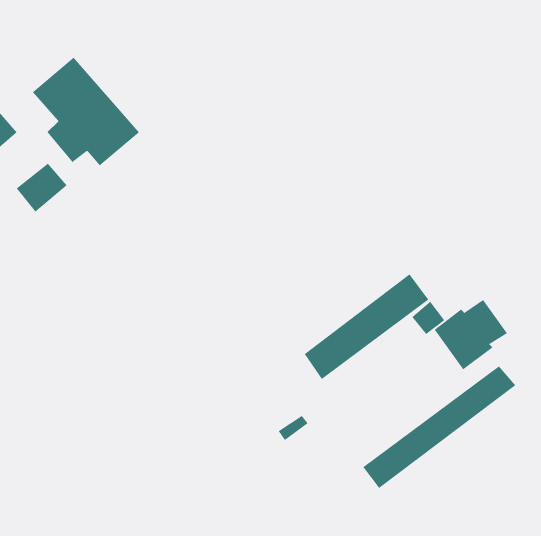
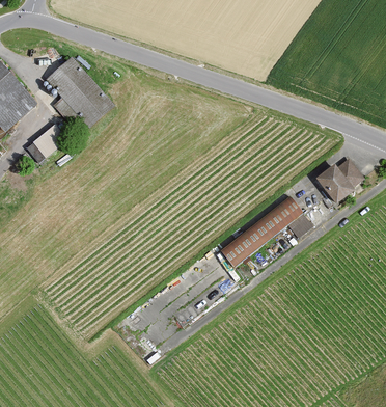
building: [434,299,508,370] -> [318,159,365,205]
building: [363,365,516,489] -> none

